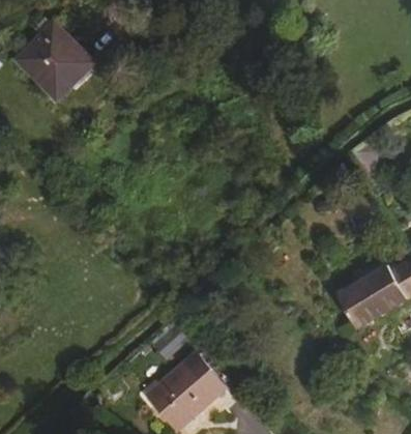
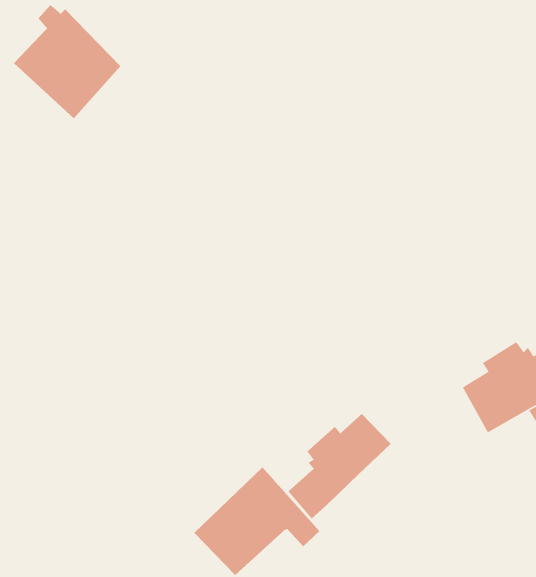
building: none -> [288,413,392,520]

